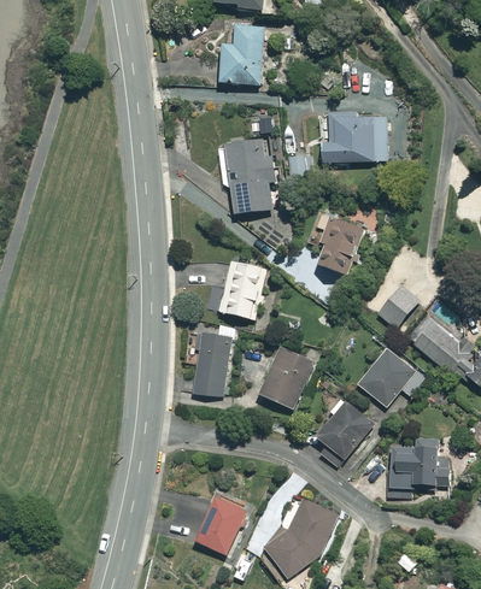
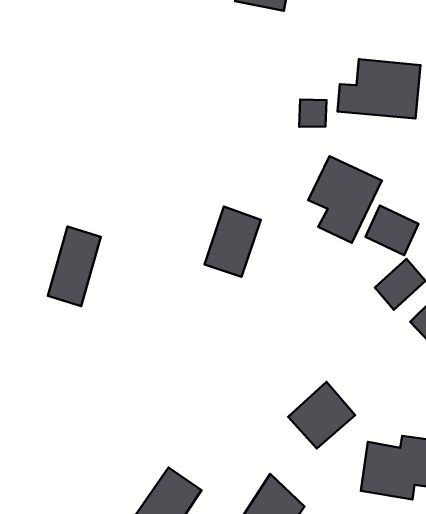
building: [227,139,277,216] -> none
building: none -> [366,205,418,255]
building: [193,330,231,397] -> [48,226,101,306]
building: [258,346,315,410] -> none
building: [356,347,415,407] -> none

